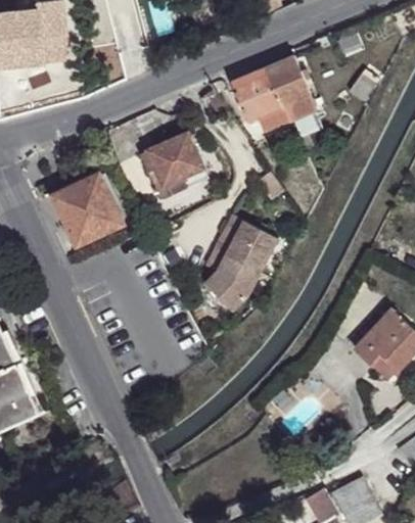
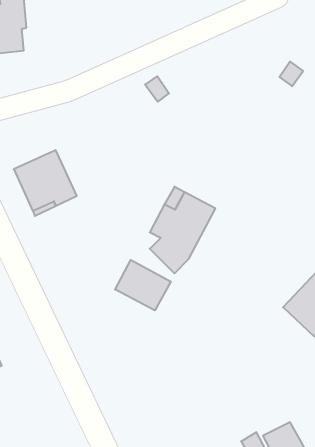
building: [230,55,317,132] -> none
building: [141,132,206,198] -> none
building: none -> [115,260,171,310]

